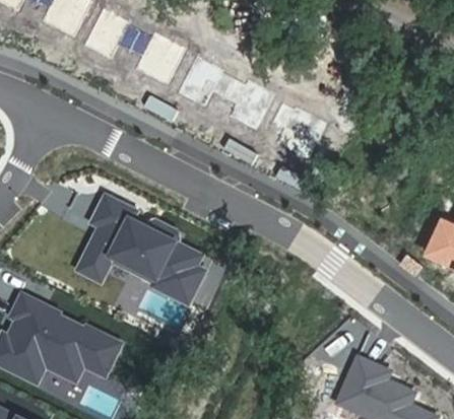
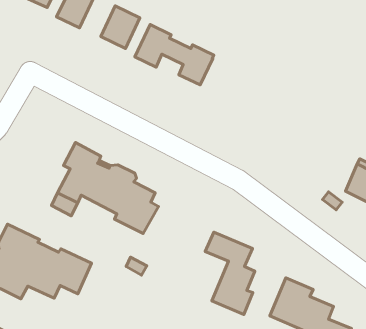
building: none -> [205,232,255,314]

